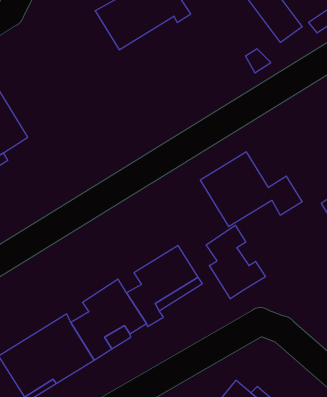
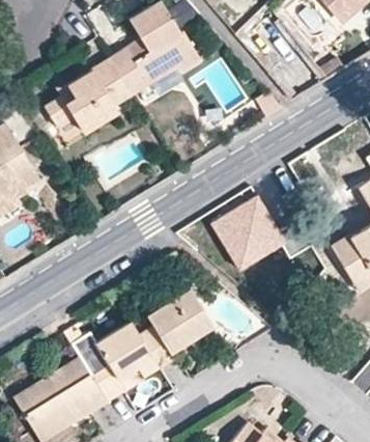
building: none -> [44,57,132,132]
building: [206,225,265,299] -> none

